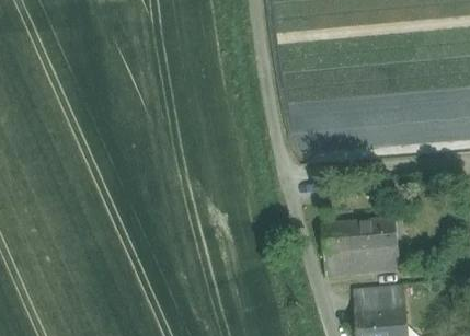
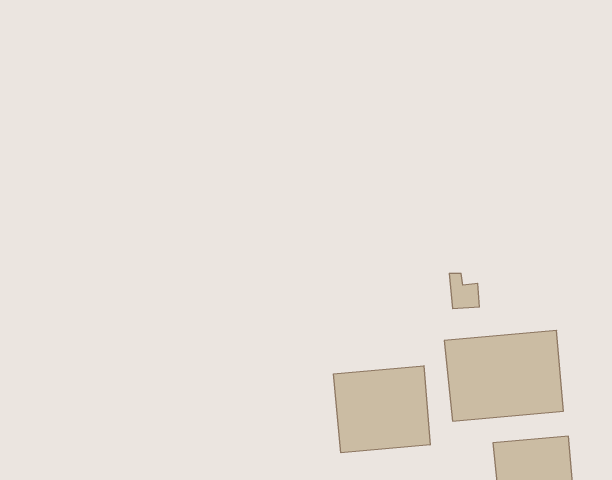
building: none -> [334,366,430,453]

